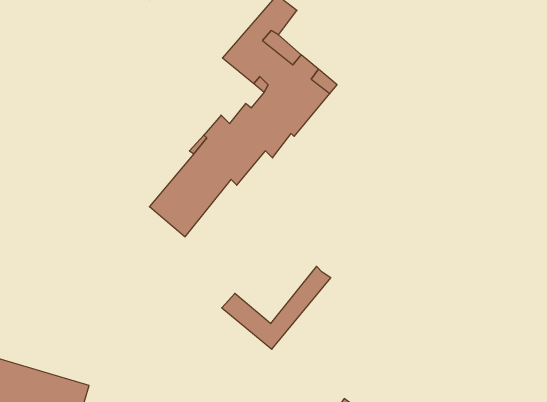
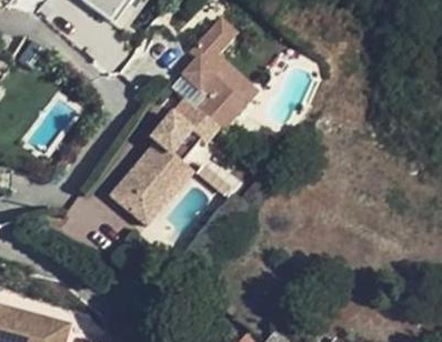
building: [222,266,331,349] -> [108,162,192,227]

